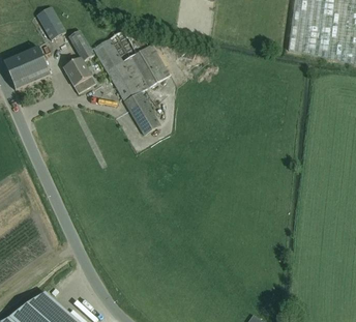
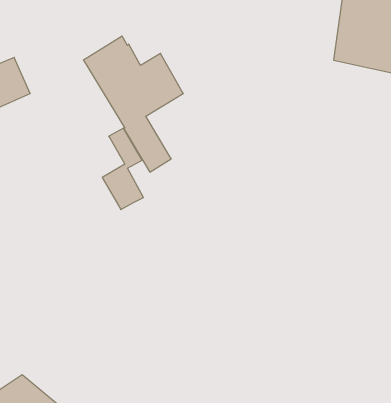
building: [36,5,65,39] -> none
building: [63,29,95,92] -> [102,128,143,210]

